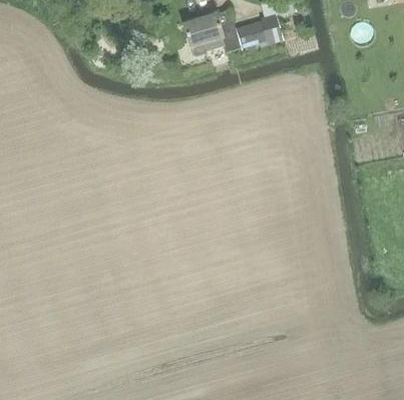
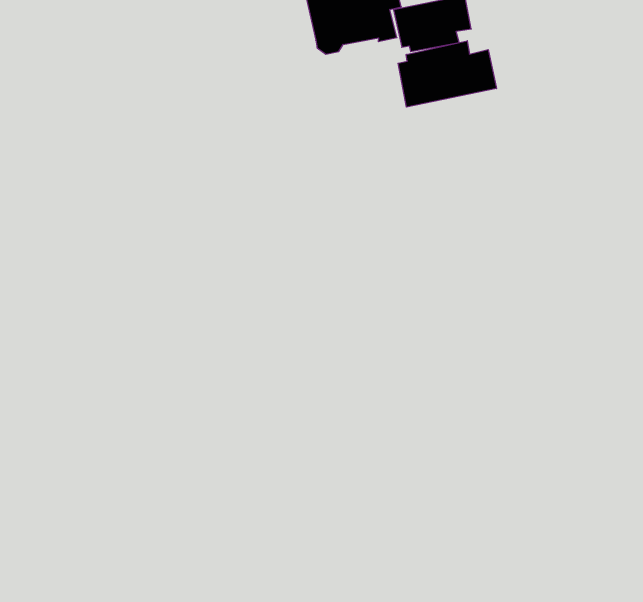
building: none -> [398,41,496,107]

